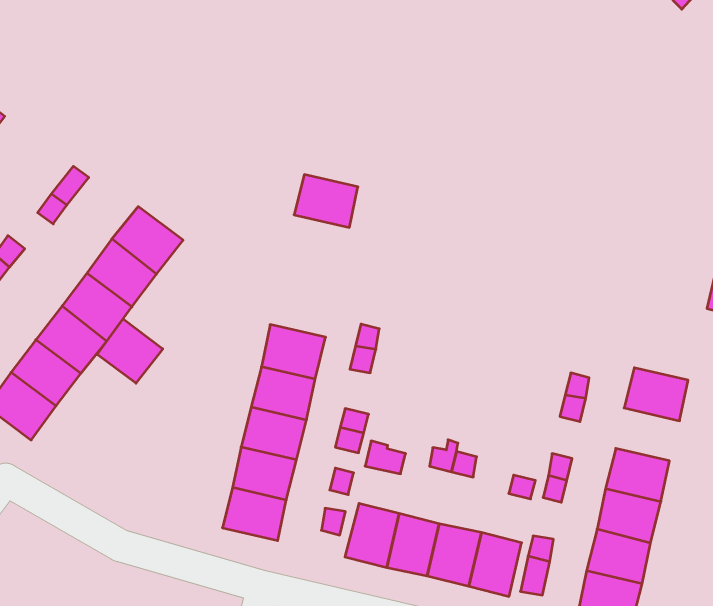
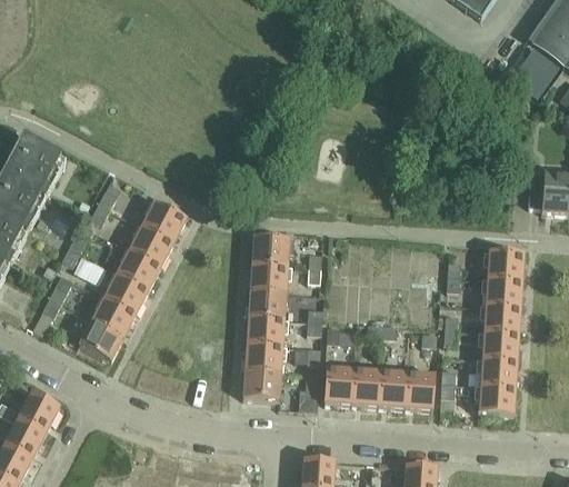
building: [294,175,358,227] -> [251,236,289,265]
building: [97,319,163,383] -> none
building: none -> [485,278,522,307]

